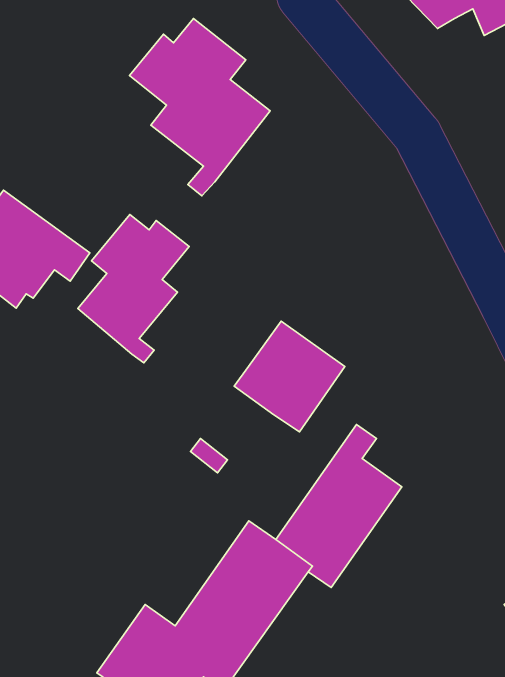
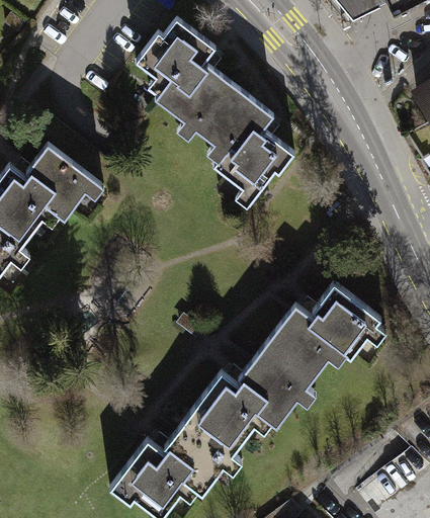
building: none -> [195,84,288,208]
building: [78,215,189,363] -> none
building: [234,321,345,432] -> [300,285,379,364]

